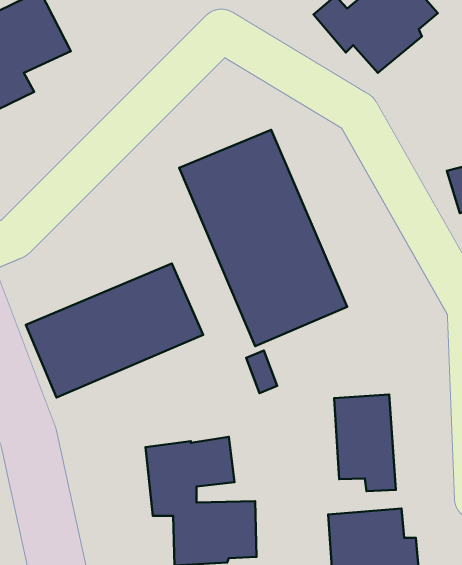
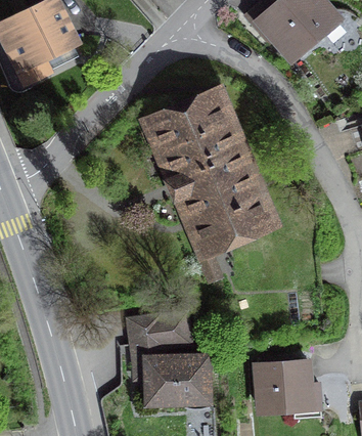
building: [26,263,203,397] -> none
building: [334,394,396,491] -> none

